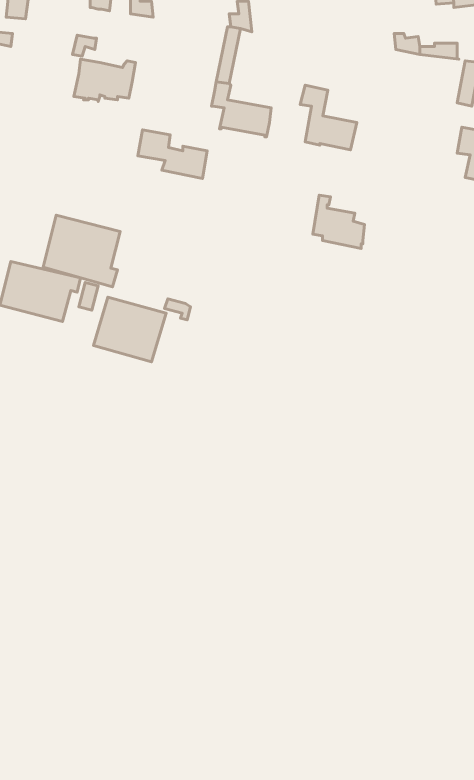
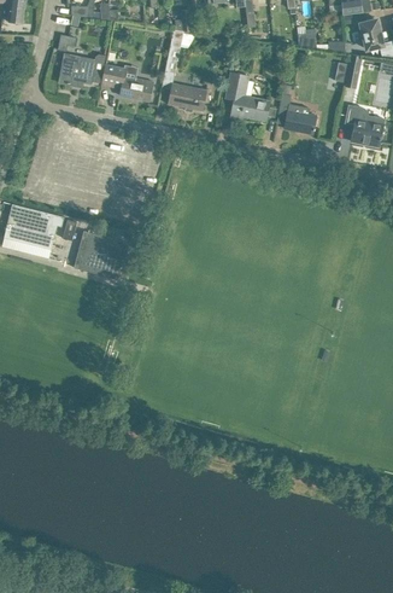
building: [138,130,207,178] -> [101,65,153,101]
building: [313,195,365,249] -> [277,94,316,134]
building: [43,215,120,287] -> none

